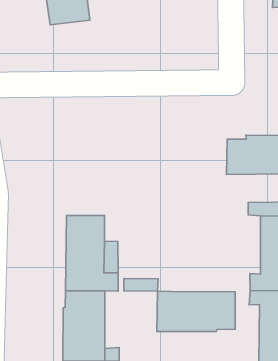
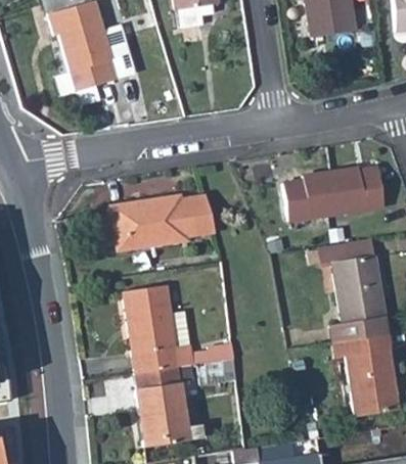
building: none -> [98,195,216,251]
building: [157,291,235,331] -> none

